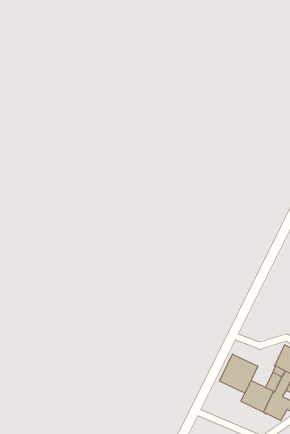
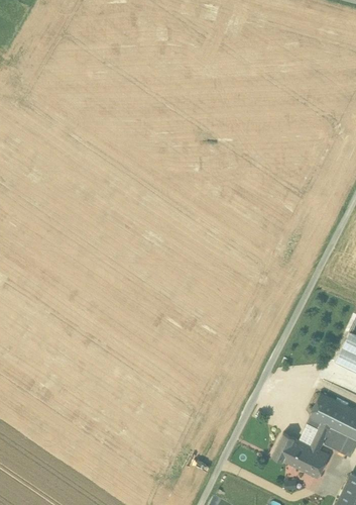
building: [220,354,258,393] -> none

